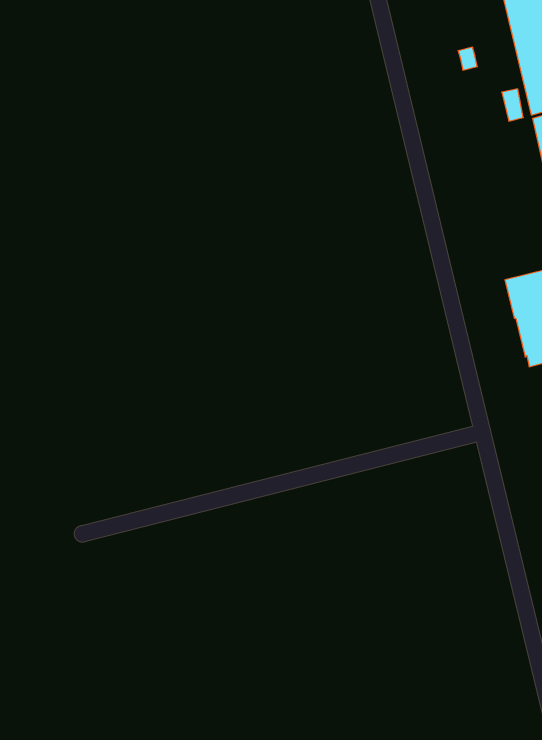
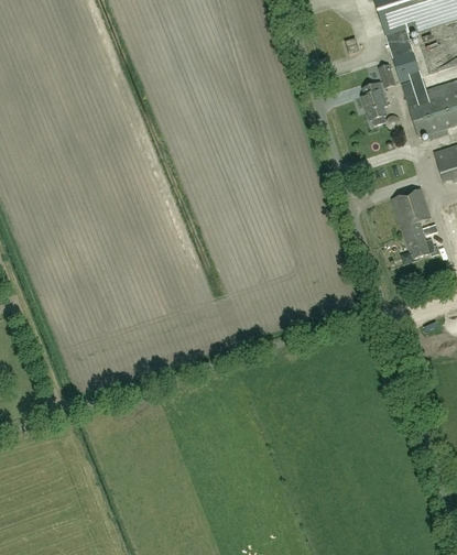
building: none -> [361,84,387,126]

